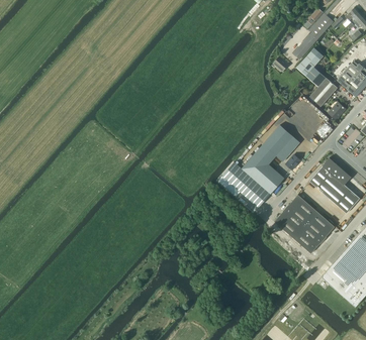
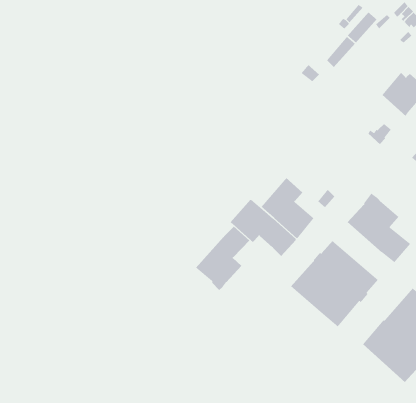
building: [297,46,339,106] -> none
building: [263,124,301,160] -> none
building: none -> [195,226,250,291]

